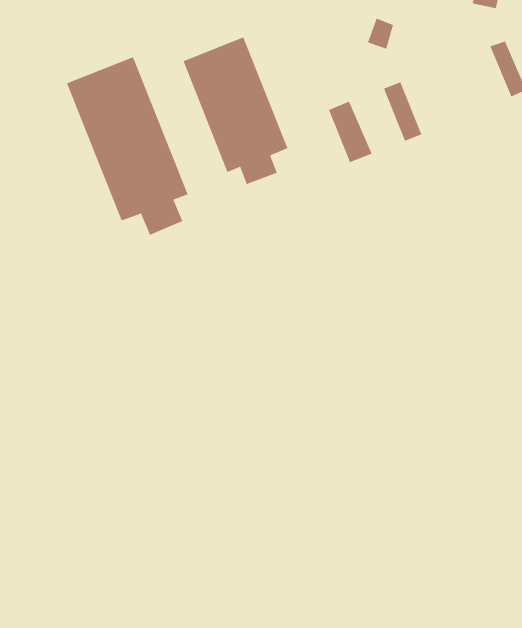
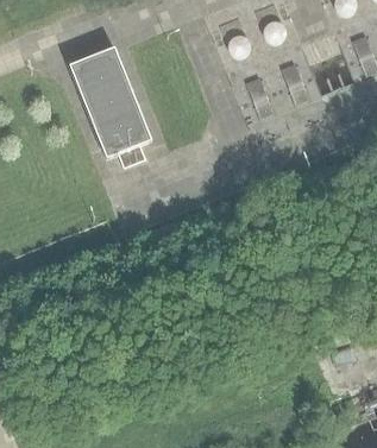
building: [183,36,288,185] -> none

